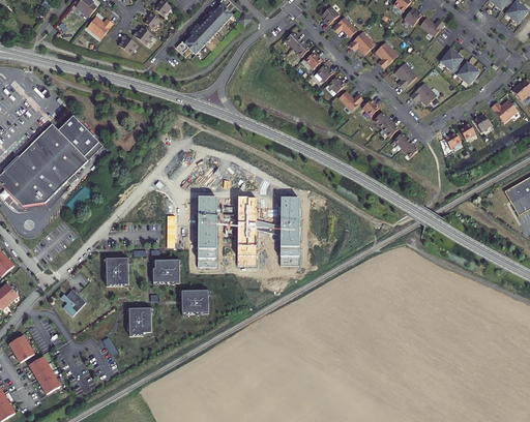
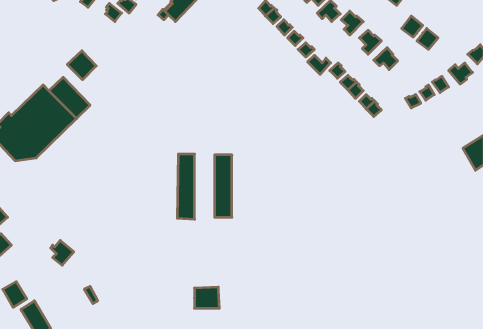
building: none -> [67,51,96,80]
building: [281,198,300,265] -> none
building: [106,258,128,284] -> none
building: [153,260,180,282] -> none
building: [182,290,209,312] -> [194,287,219,308]
building: [129,307,152,334] -> none

